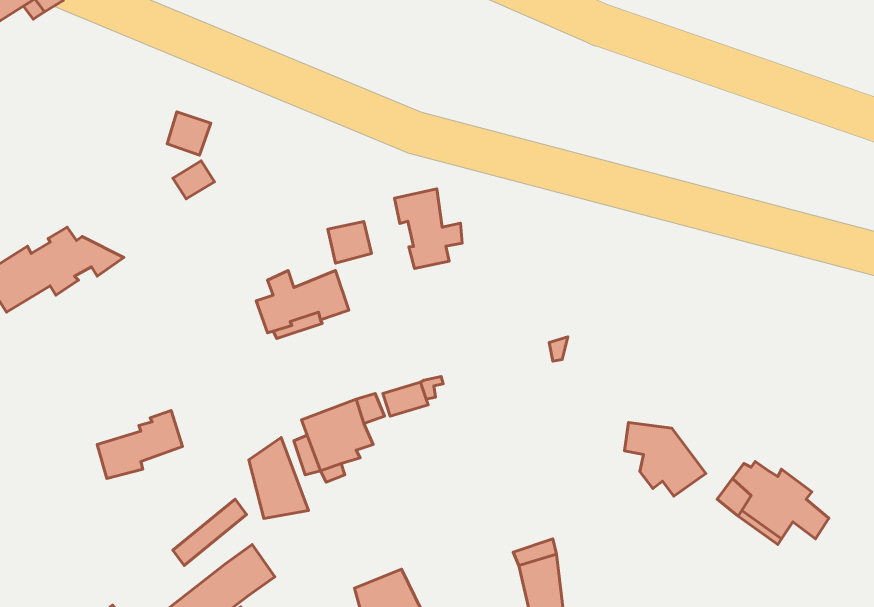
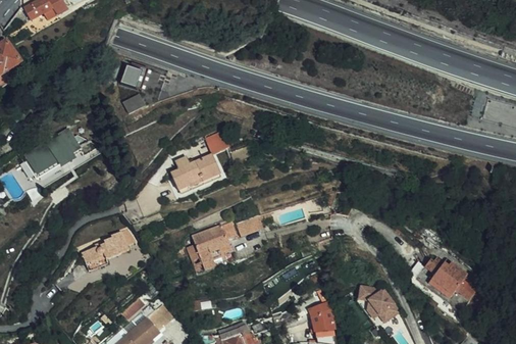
building: [394,189,462,268] -> none
building: [625,423,706,496] -> [358,287,402,327]
building: [249,438,309,518] -> none

